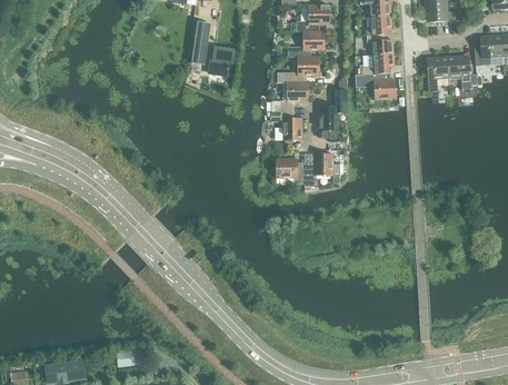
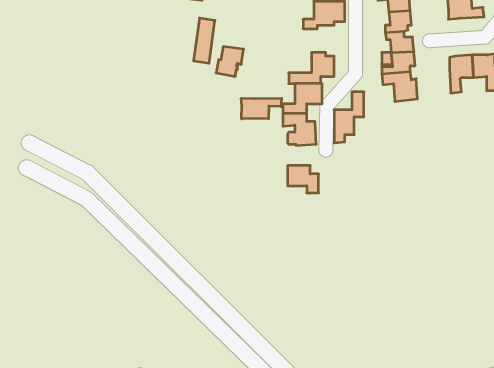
building: [288,27,325,57] -> none
building: none -> [241,98,282,119]
building: [303,154,340,189] -> none

